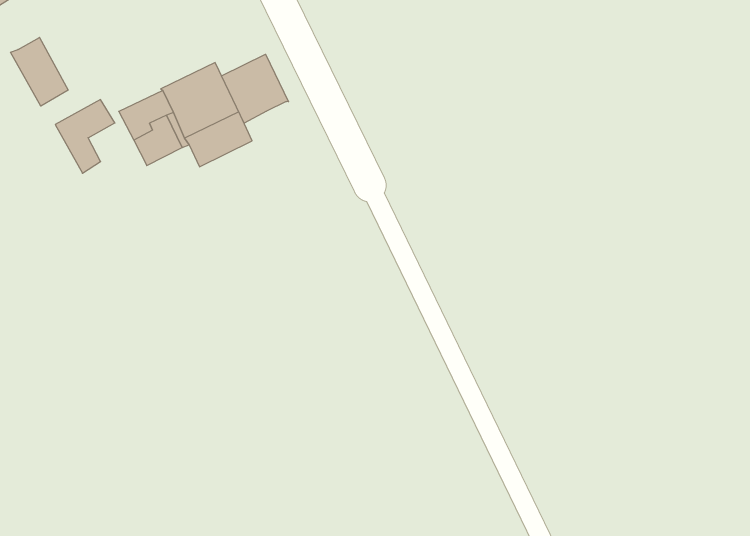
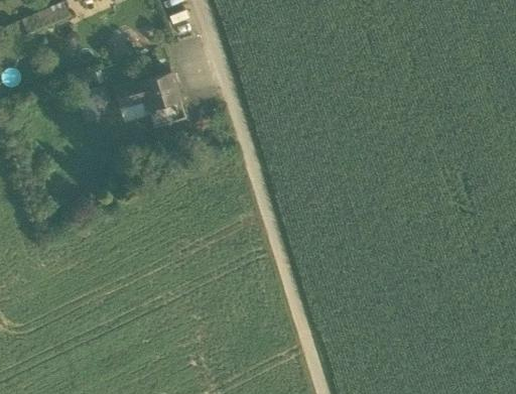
building: [11,37,68,106] -> none
building: [221,54,289,123] -> none

